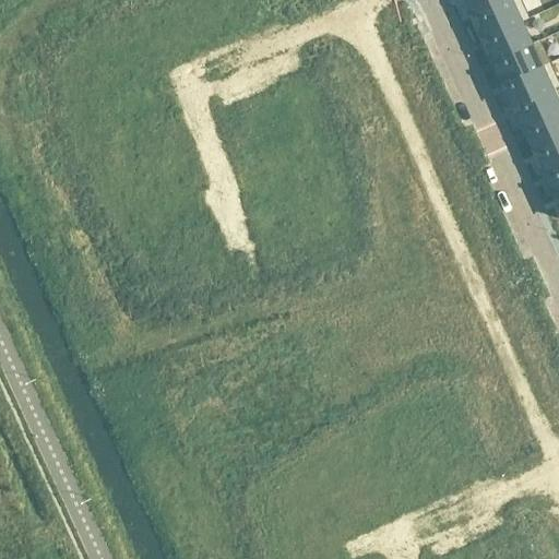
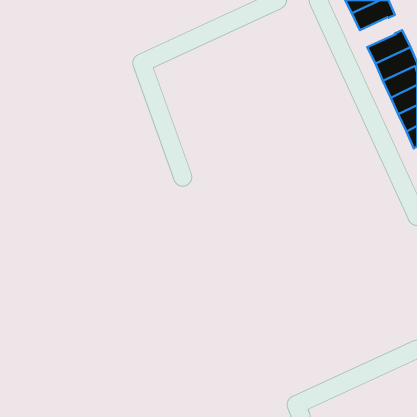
building: [481,23,530,63] -> none

